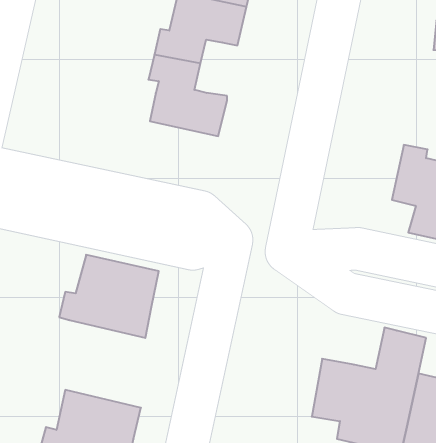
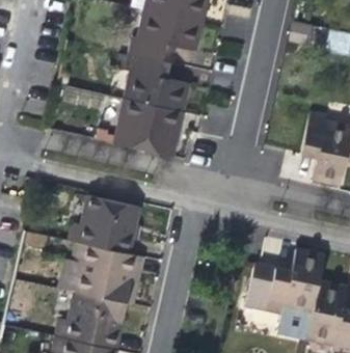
building: none -> [119,102,178,158]
building: none -> [70,241,134,302]

